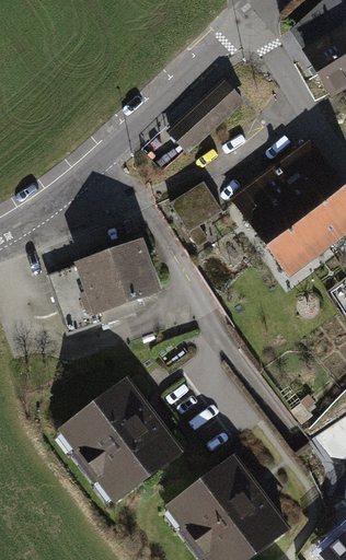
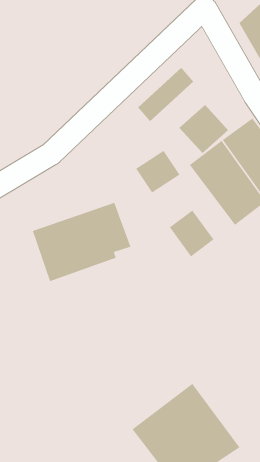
building: none -> [179,104,229,154]
building: none -> [169,209,215,257]
building: [58,375,185,509] -> none

